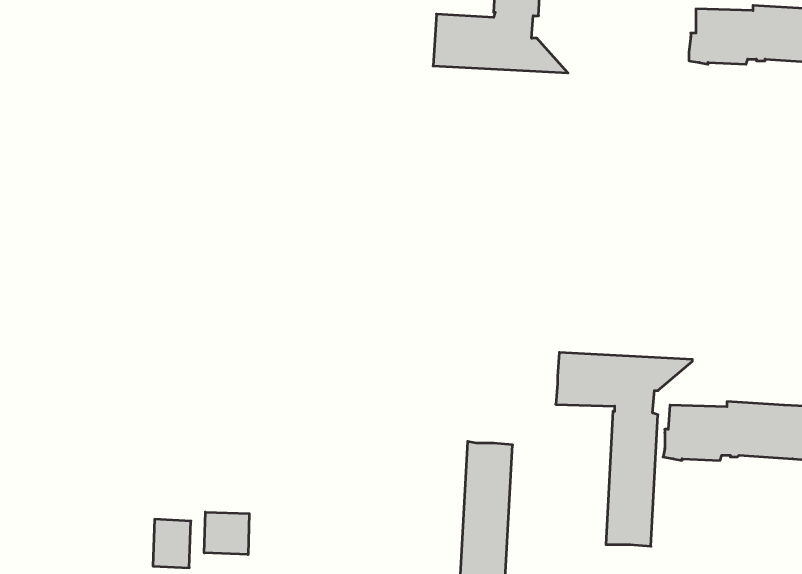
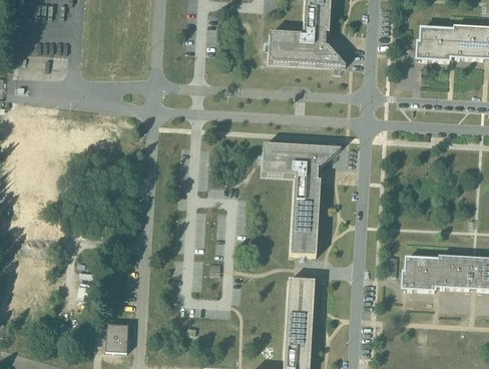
building: [556,352,692,546] -> [262,143,341,256]
building: [204,512,249,555] -> none

